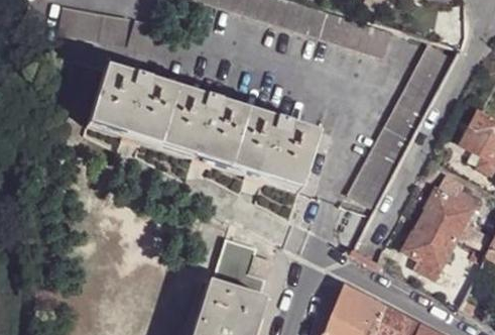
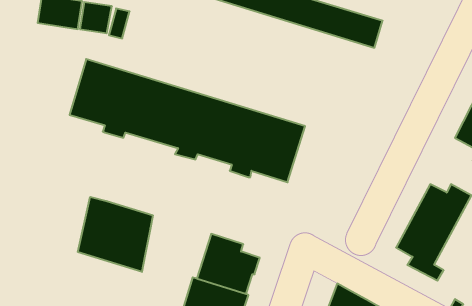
building: [347,42,455,205] -> none
building: none -> [78,197,153,272]

